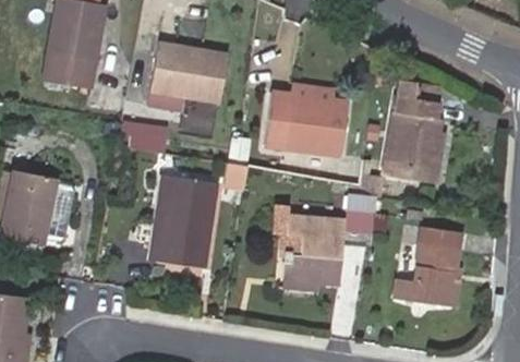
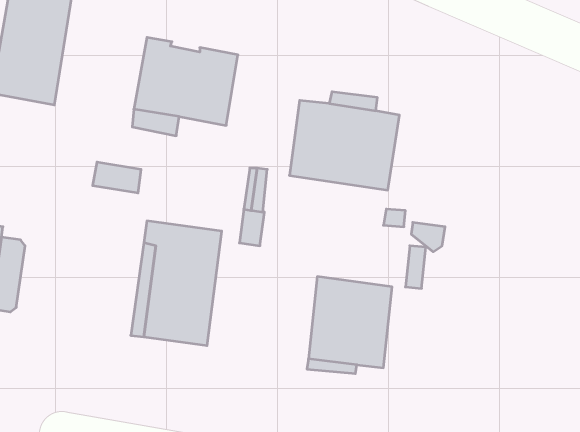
building: [380,74,443,179] -> none
building: [391,230,455,307] -> none

